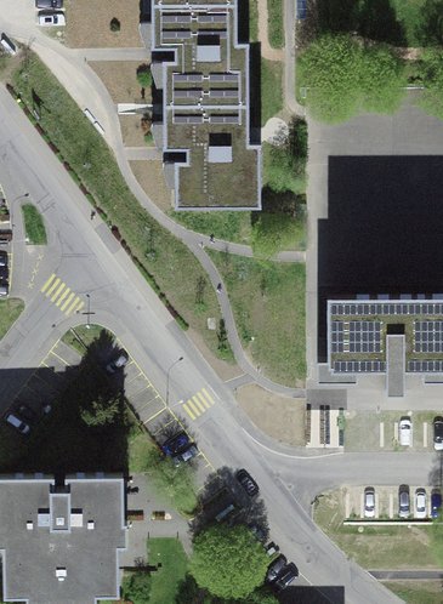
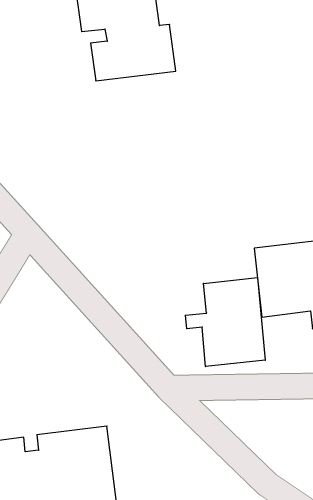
building: [165,101,268,212] -> none
building: none -> [185,278,265,367]

